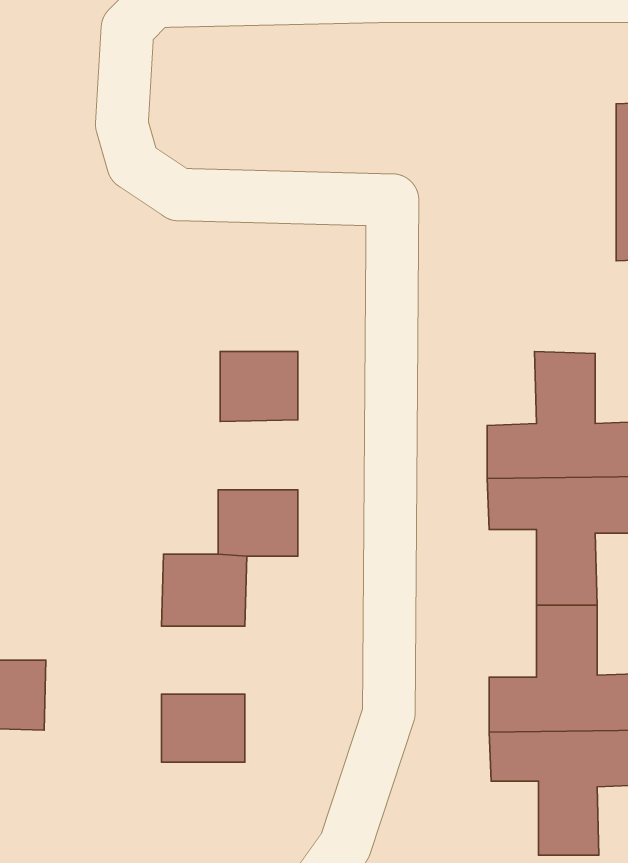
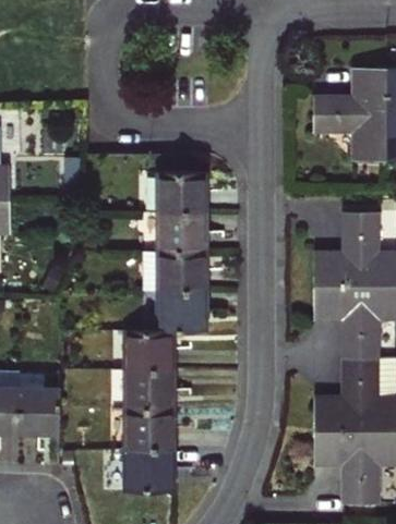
building: none -> [315,70,388,161]
building: none -> [160,171,206,212]
building: none -> [144,252,205,292]
building: none -> [127,370,175,410]
building: none -> [127,449,175,490]

